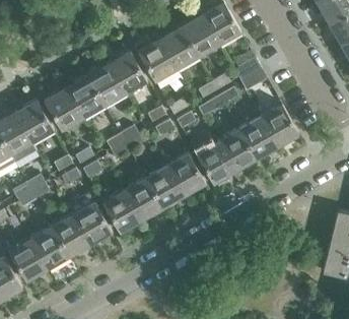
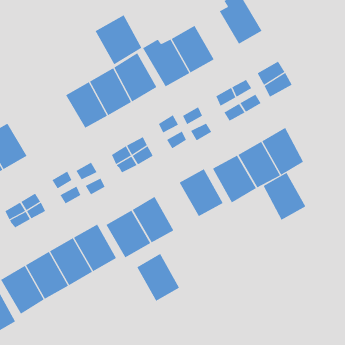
building: [181,14,219,57] -> none
building: none -> [95,14,142,65]
building: [44,88,83,131] -> none
building: [15,100,54,142] -> none
building: [261,105,299,147] -> [263,172,306,220]
building: [145,166,184,208] -> [136,253,180,301]

